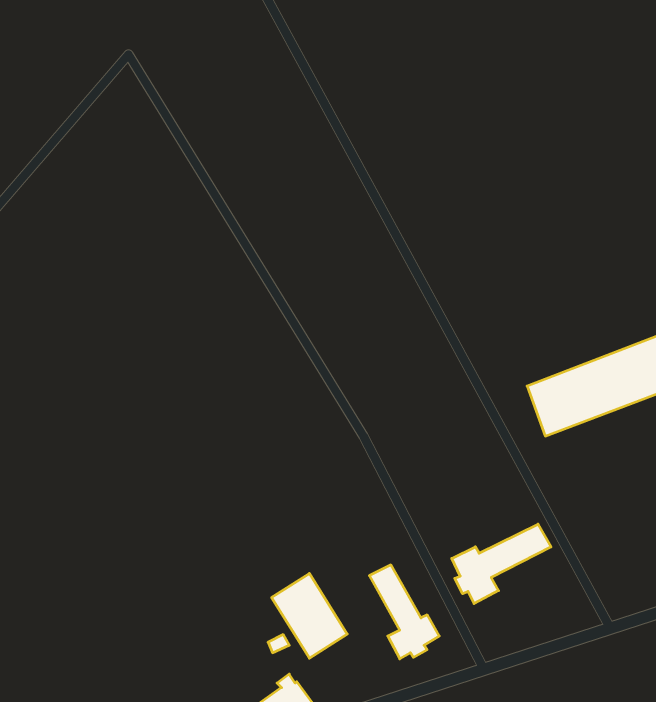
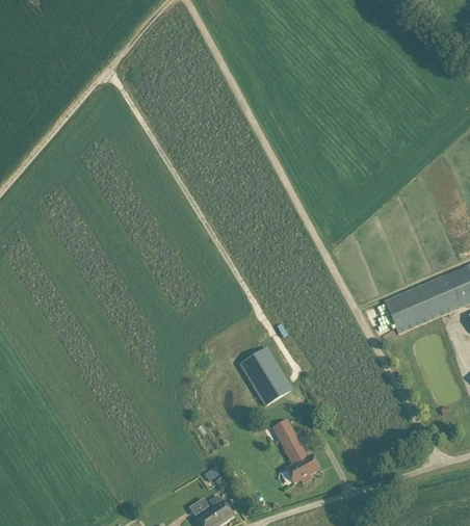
building: [452,524,551,604] -> none
building: [272,573,347,658] -> [240,347,292,405]

